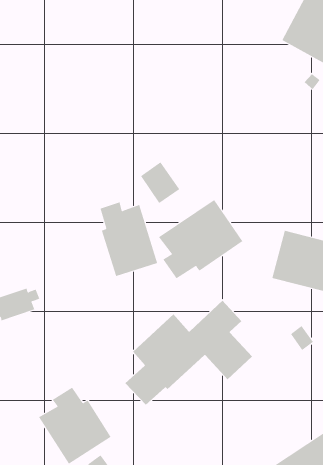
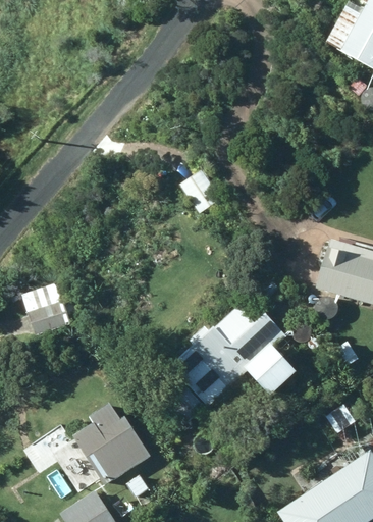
building: [158,199,243,279] -> none
building: [100,201,158,277] -> none

